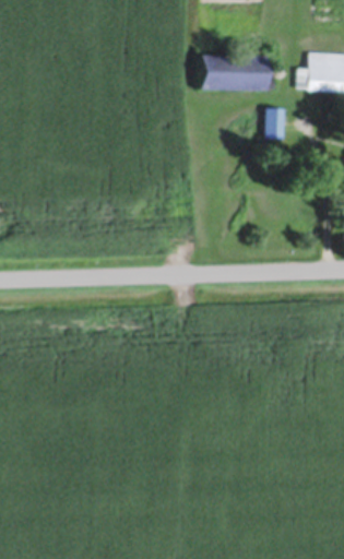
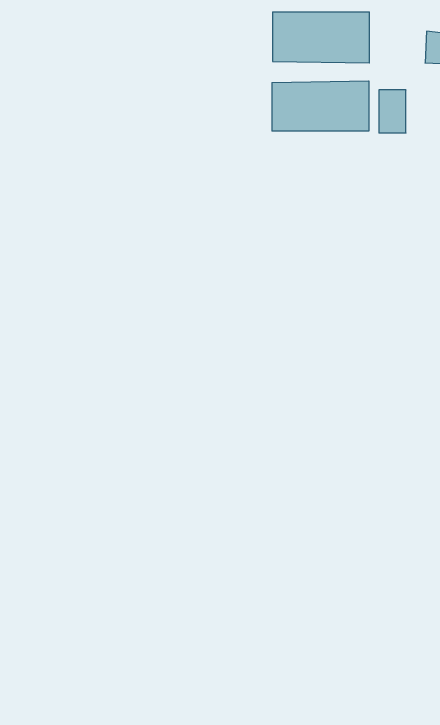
building: none -> [272,81,369,131]

